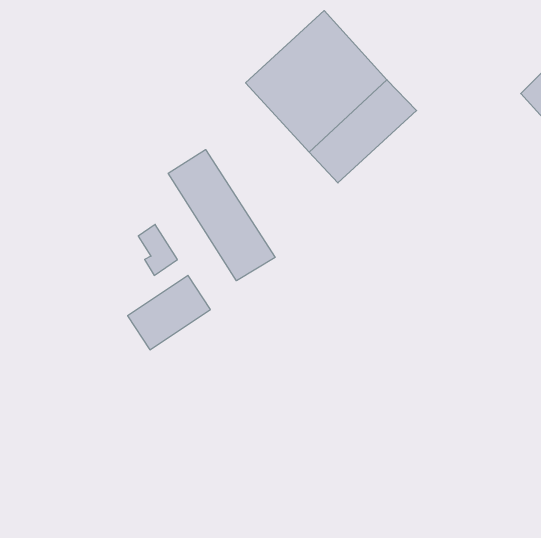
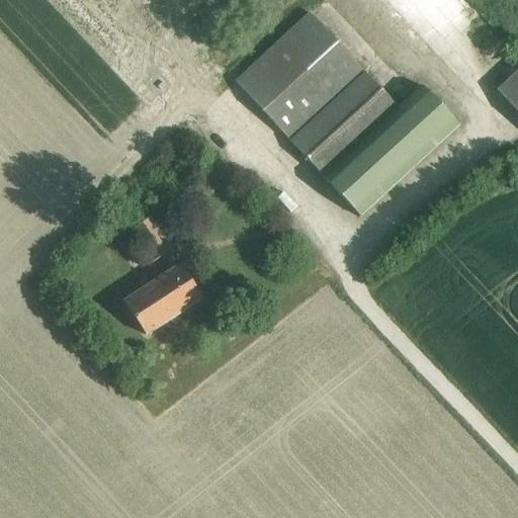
building: none -> [324,83,460,214]
building: [168,150,275,281] -> none

